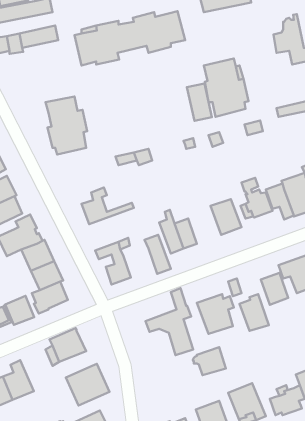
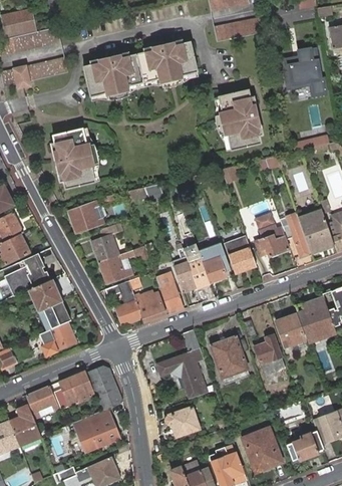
building: [187,84,212,121] -> none
building: none -> [67,203,104,233]
building: none -> [199,242,230,283]
building: none -> [98,246,148,284]
building: none -> [133,290,165,323]
building: [5,296,34,325] -> [27,387,57,417]
building: none -> [85,367,121,410]
building: [193,347,226,375] -> [165,407,200,436]

